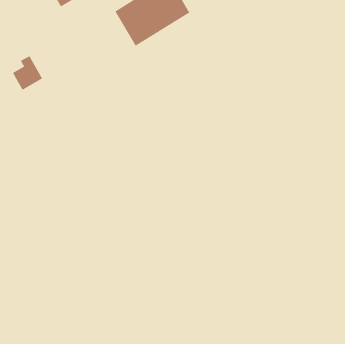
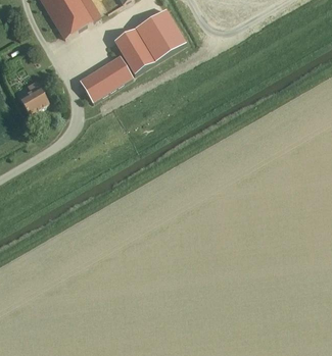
building: none -> [80,55,132,100]

